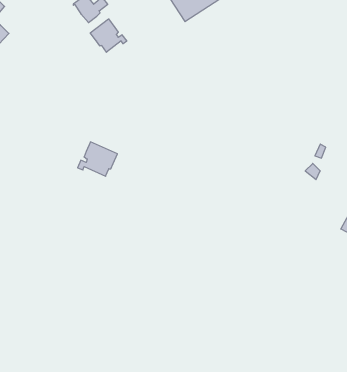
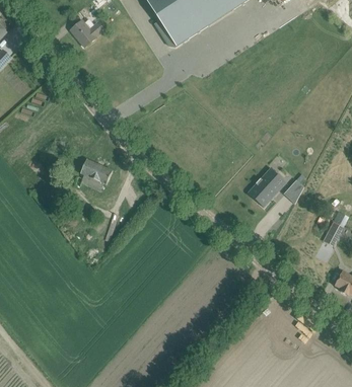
building: [90,19,127,52] -> none
building: none -> [248,166,286,206]

